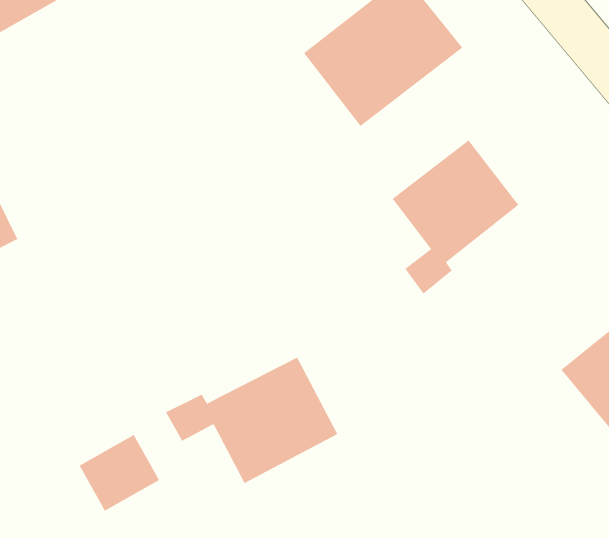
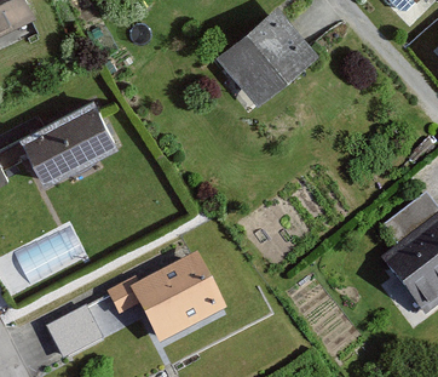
building: none -> [38,97,134,178]
building: [392,140,519,294] -> none

